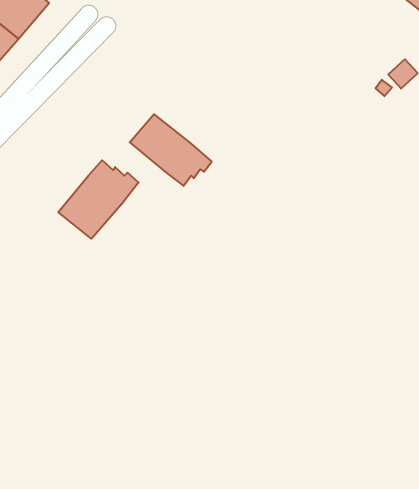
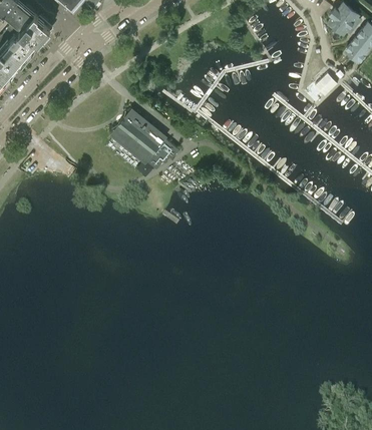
building: [58,160,139,239] -> none

